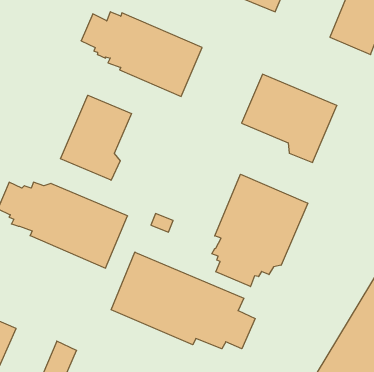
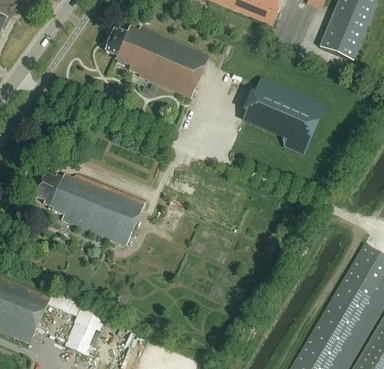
building: [60,95,131,180] -> none
building: [212,174,308,287] -> none
building: [111,252,255,349] -> none

